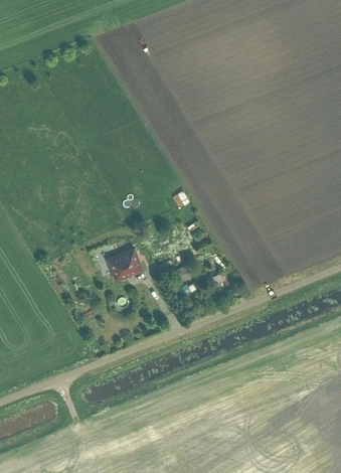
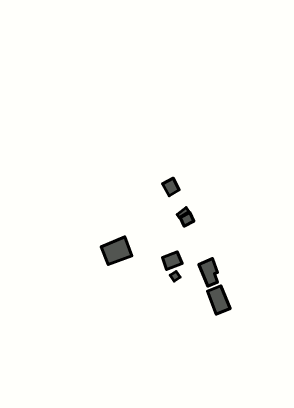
building: none -> [208,286,230,314]

